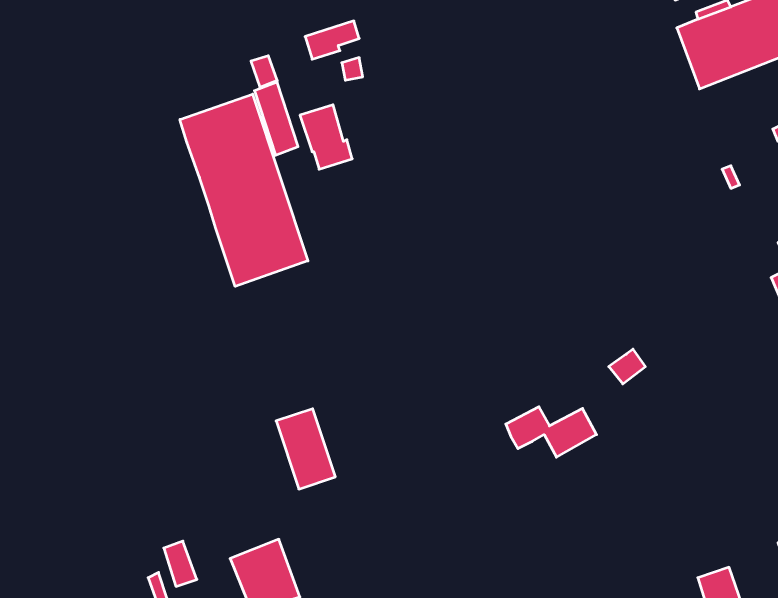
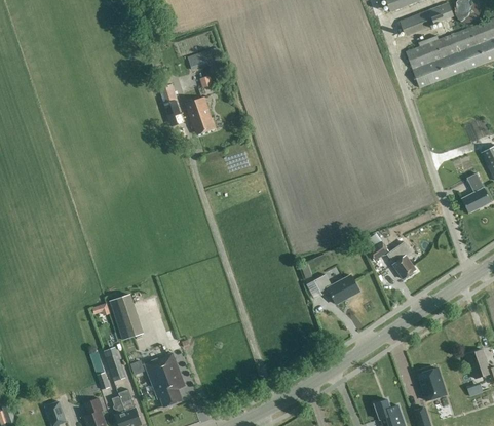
building: [180,94,308,286] -> none
building: none -> [387,246,416,278]
building: [276,409,335,489] -> [108,293,143,340]

